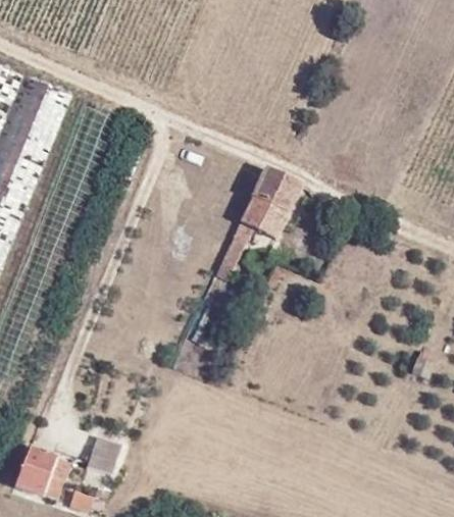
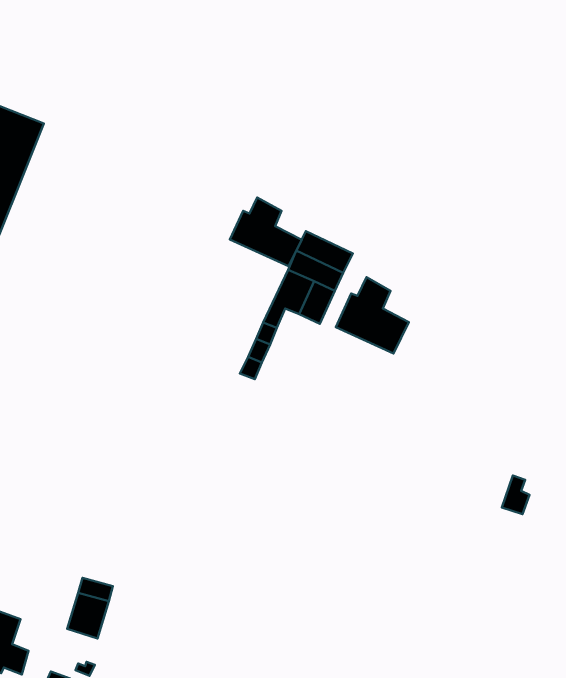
building: none -> [230,198,302,266]
building: none -> [336,277,409,354]

